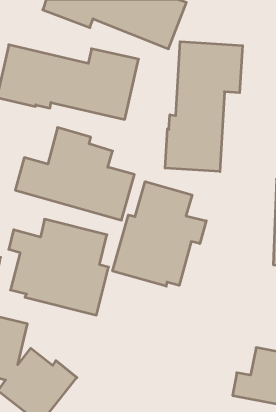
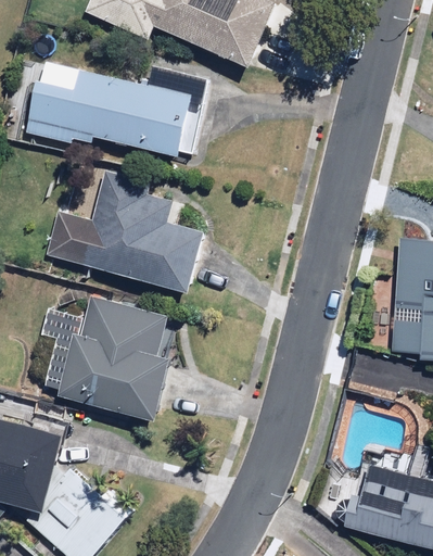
building: [165,42,243,172] -> none
building: [113,182,206,286] -> none

